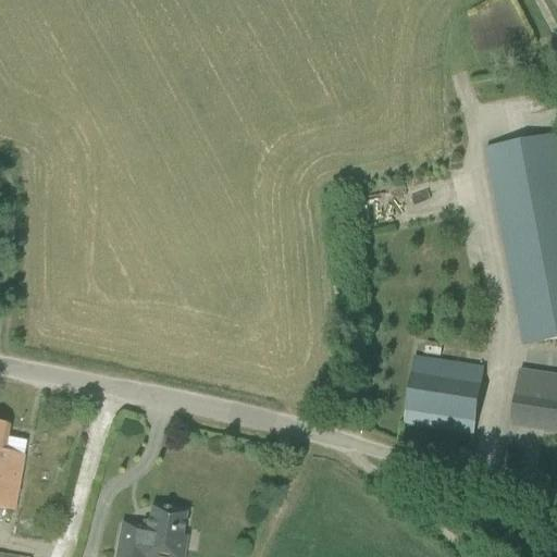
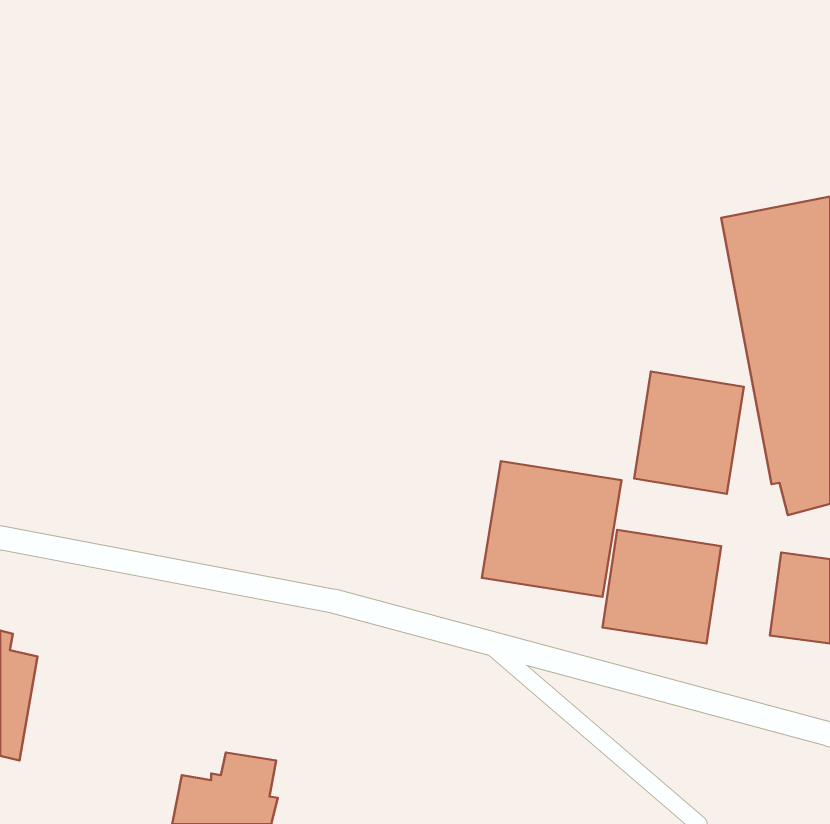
building: none -> [634,372,744,494]
building: none -> [482,461,621,597]

